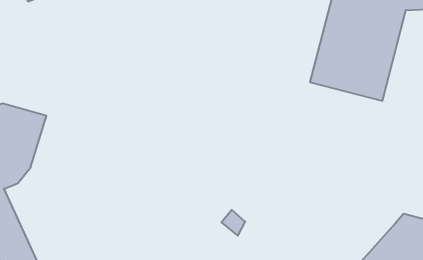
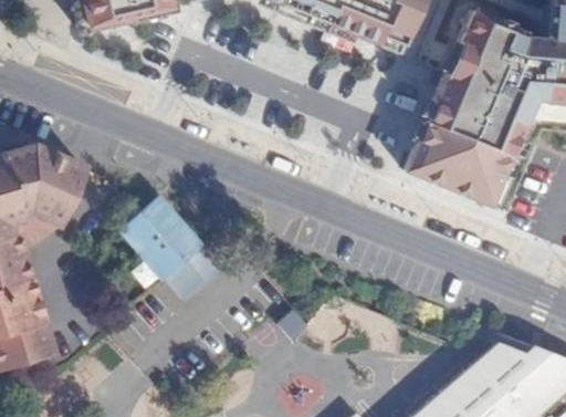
building: none -> [117,198,218,303]

